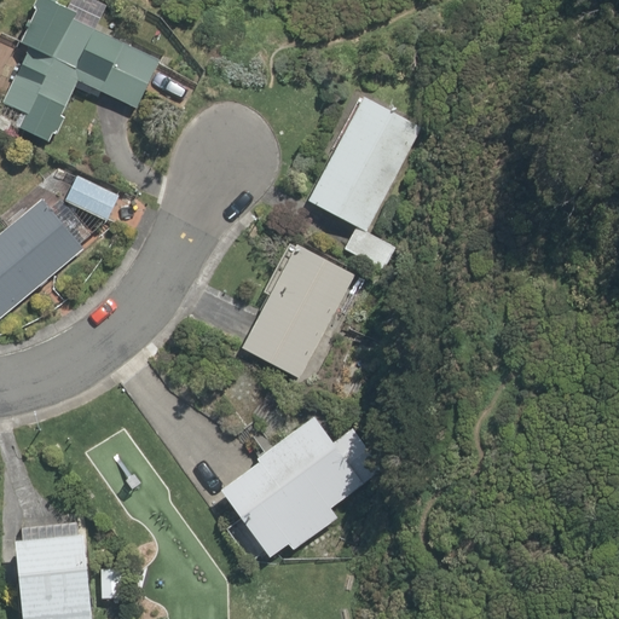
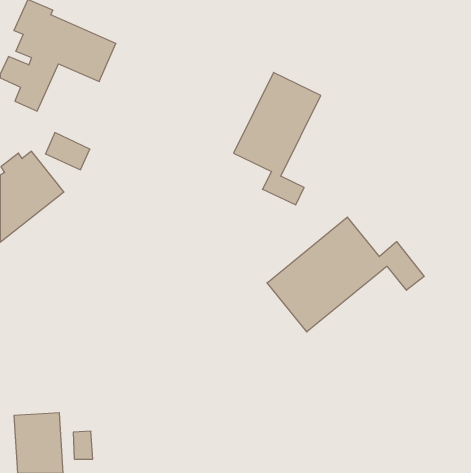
building: [243,247,353,380] -> none
building: none -> [267,217,424,332]
building: [216,413,371,556] -> none

